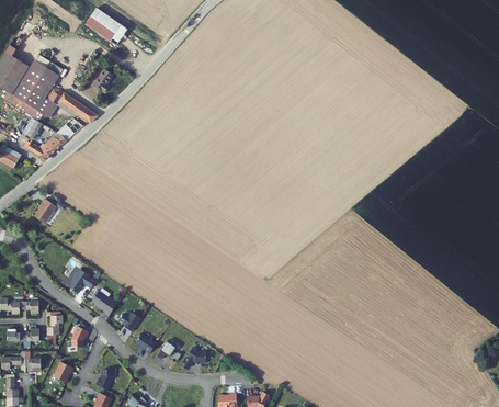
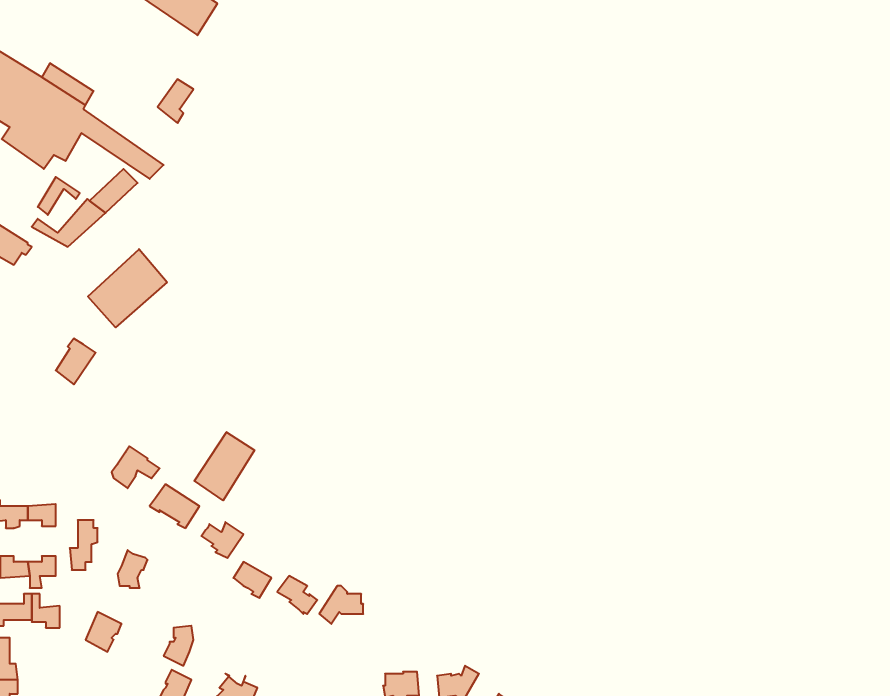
building: none -> [88,249,167,327]
building: none -> [194,432,254,500]

